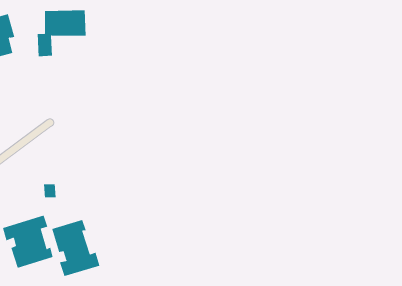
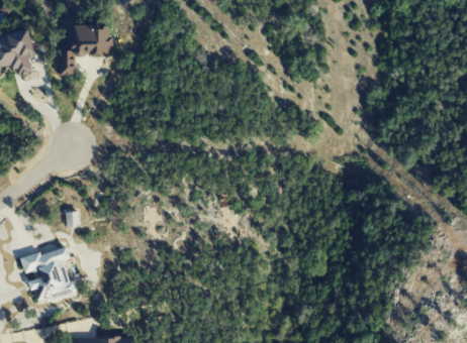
building: [52,219,100,277] -> none

